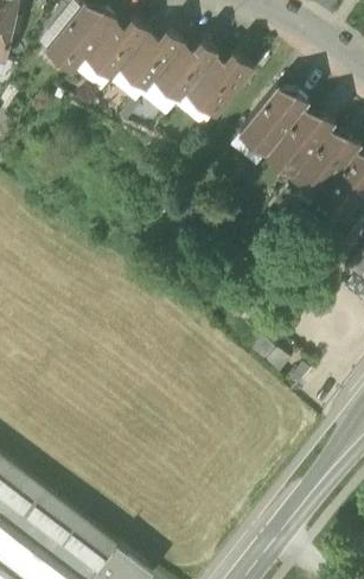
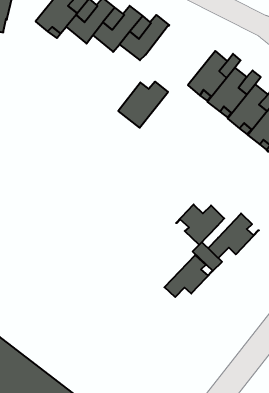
building: [187,53,251,113] -> [118,82,168,128]
building: none -> [176,204,224,245]
building: none -> [208,213,259,258]
building: none -> [164,255,213,297]

